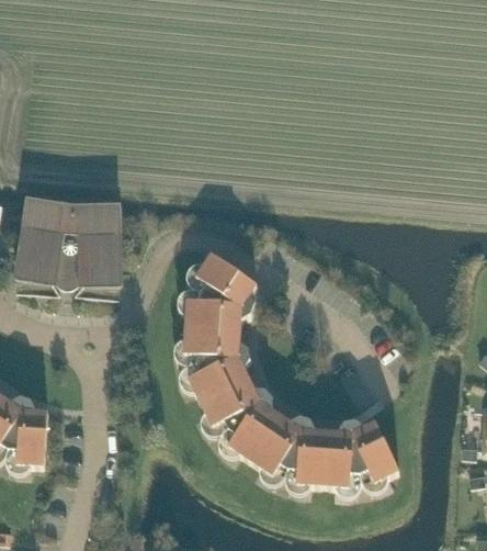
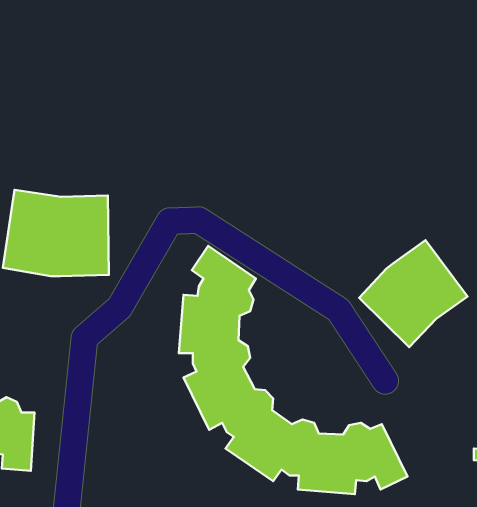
building: none -> [359,240,468,347]

